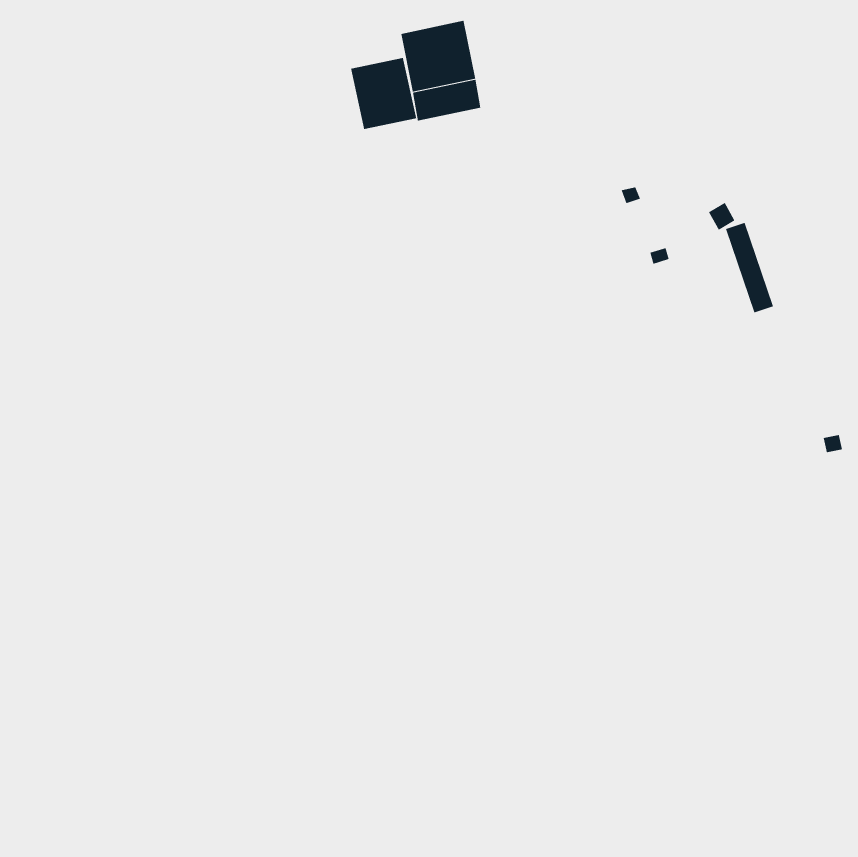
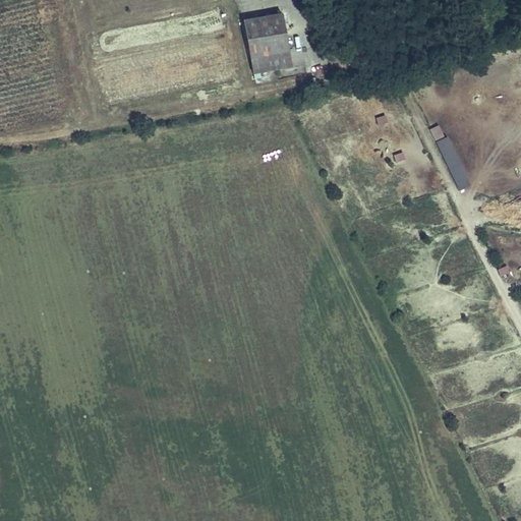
building: [350,57,417,130] -> none

